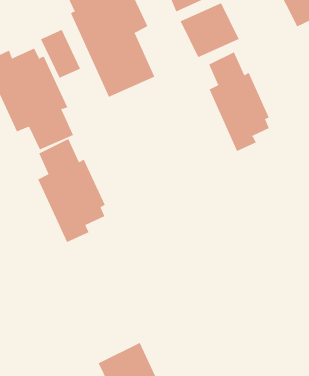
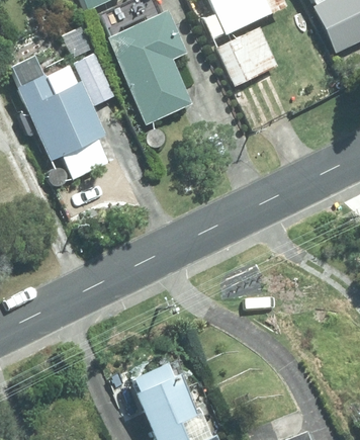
building: [209,52,270,152] -> none
building: [38,138,105,243] -> none

